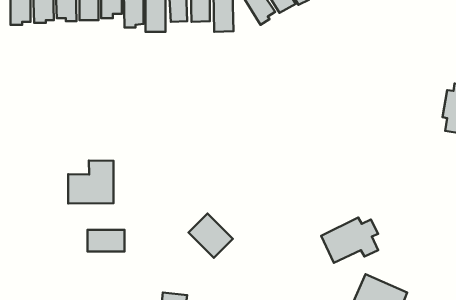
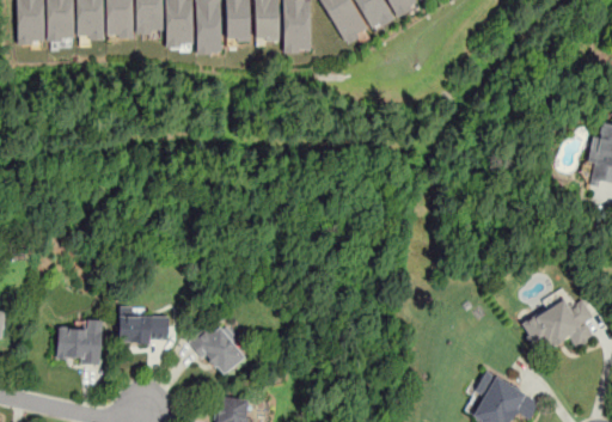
building: [68,160,114,203] -> none
building: [188,213,233,258] -> [190,318,249,377]
building: [321,218,378,263] -> [519,295,594,355]
building: none -> [55,319,104,365]

